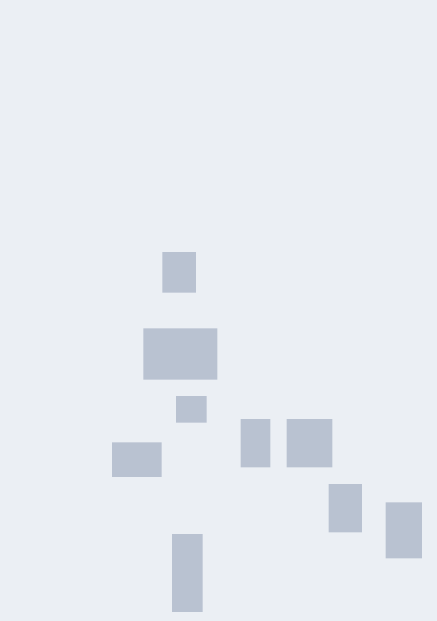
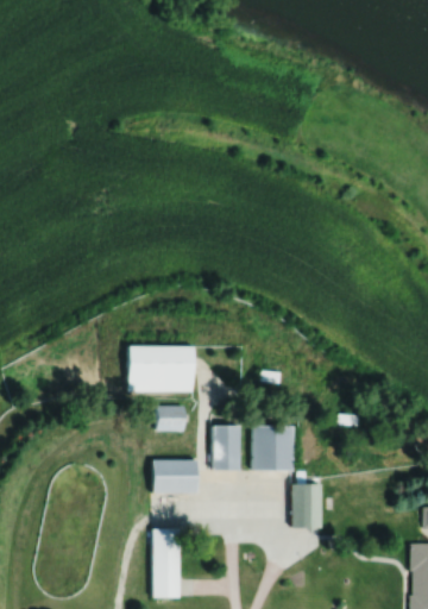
building: [162,251,197,294] -> none
building: [111,441,162,478] -> [152,459,197,491]
building: [385,501,423,559] -> none

